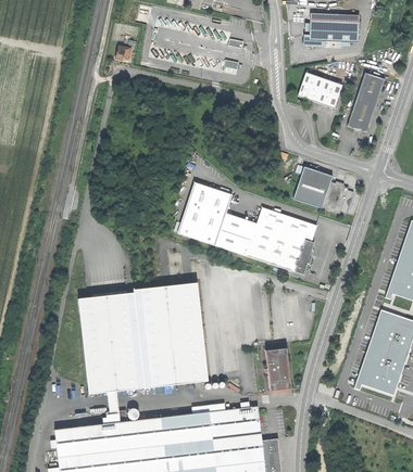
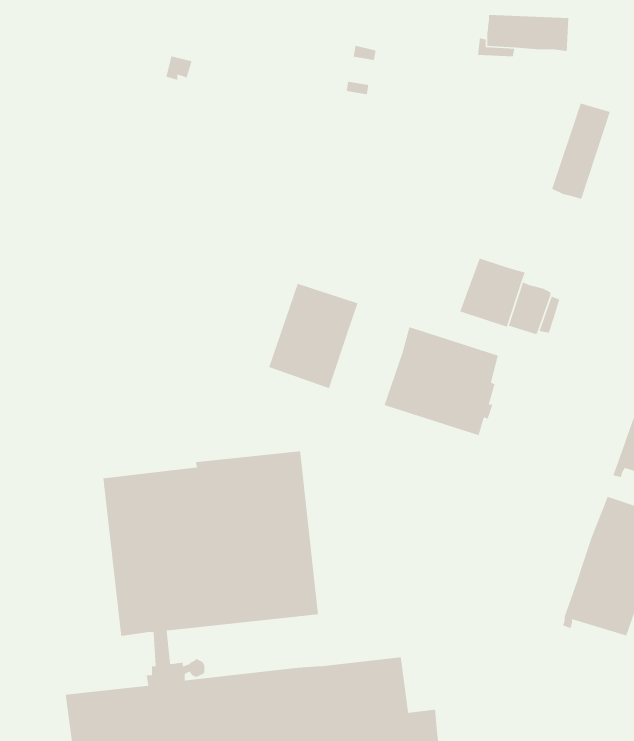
building: [298,72,342,107] -> none
building: [214,213,258,255] -> none
building: [266,347,291,391] -> none

